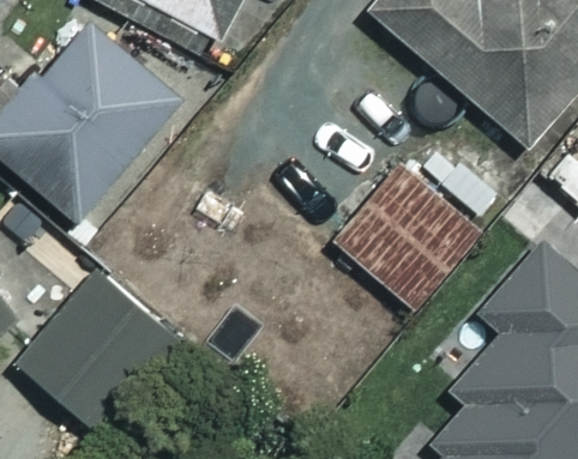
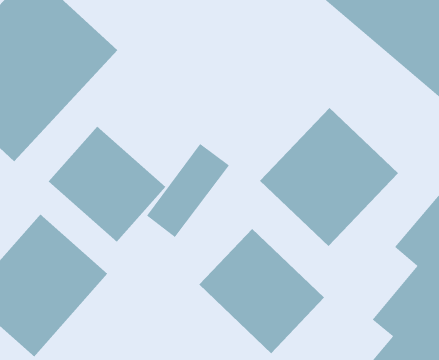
building: none -> [48,126,166,242]
building: none -> [198,228,325,354]

